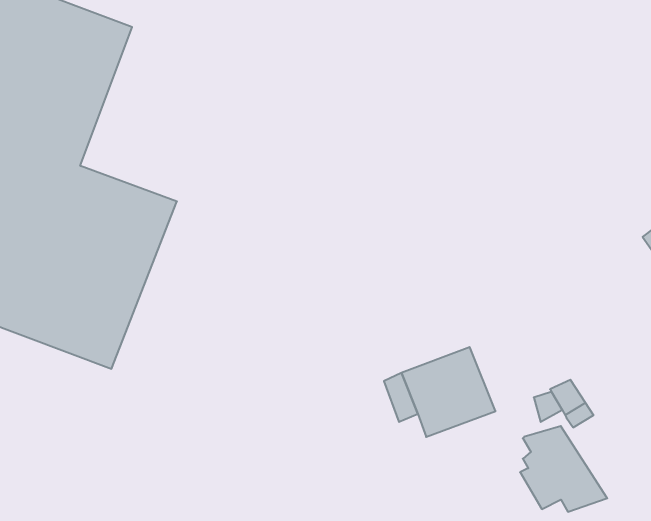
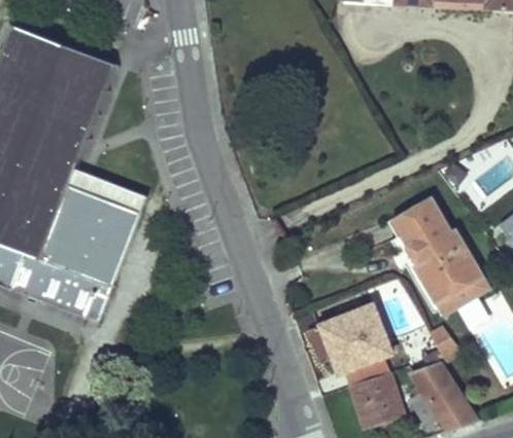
building: none -> [390,197,490,318]
building: none -> [350,372,402,425]

